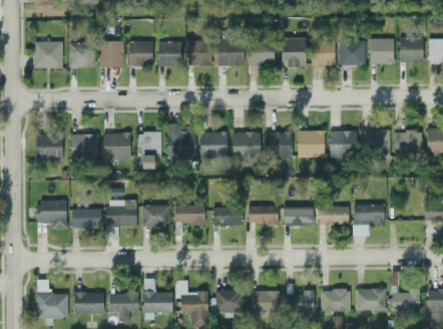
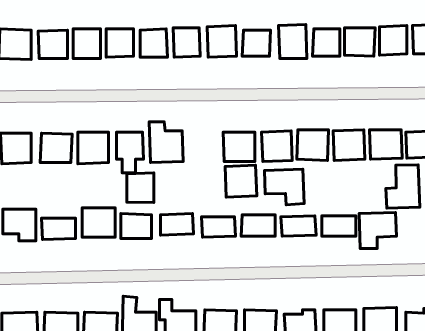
building: [199,131,228,159] -> [225,165,257,197]
building: none -> [386,165,420,208]
building: none -> [265,169,304,205]
building: none -> [127,173,154,202]

